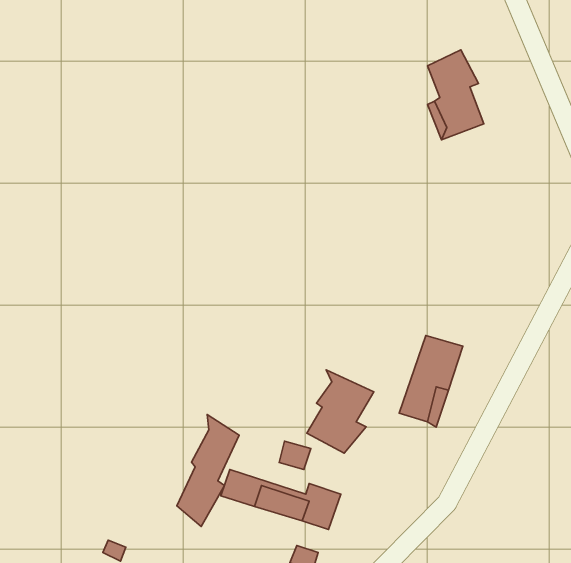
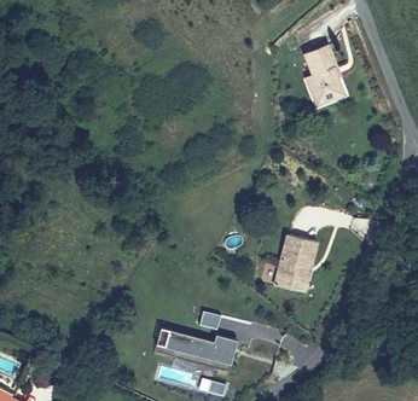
building: [307,370,374,453] -> none
building: [177,414,239,526] -> none

